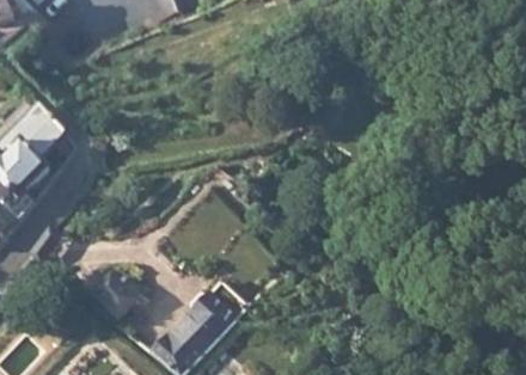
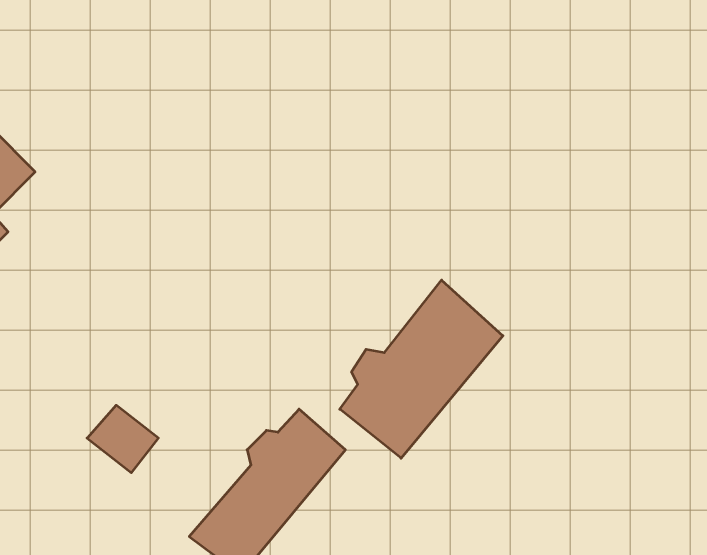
building: none -> [340,280,503,458]

